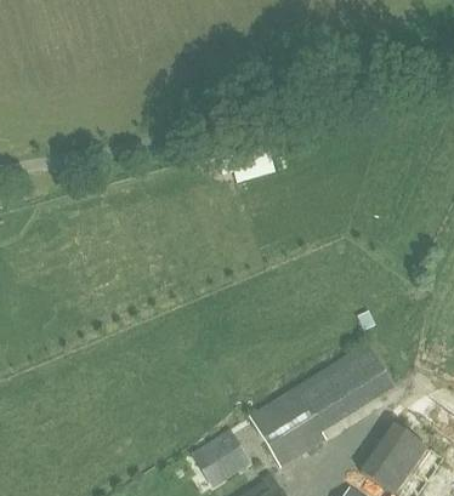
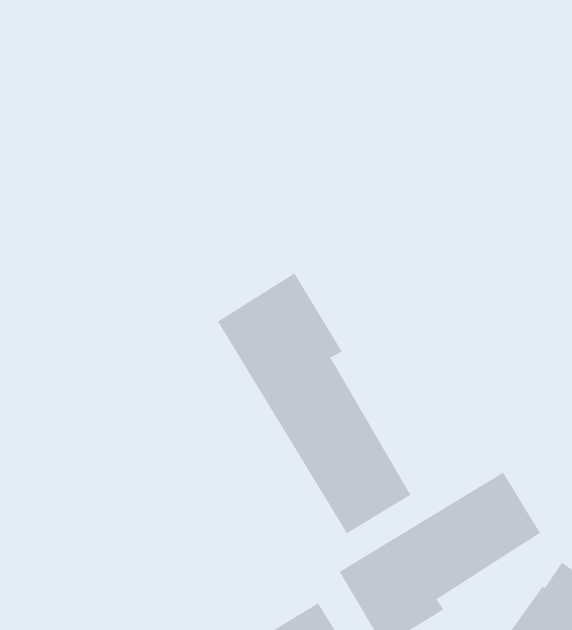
building: none -> [217,273,411,534]

